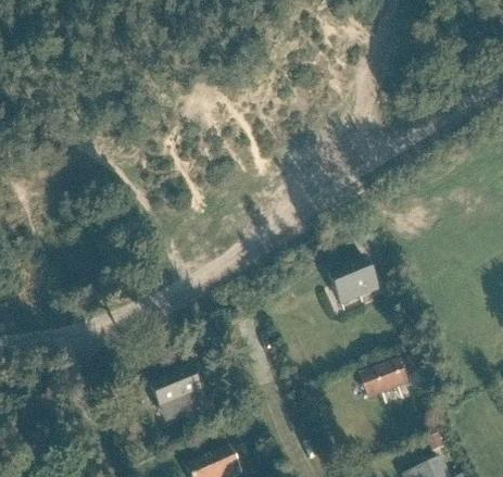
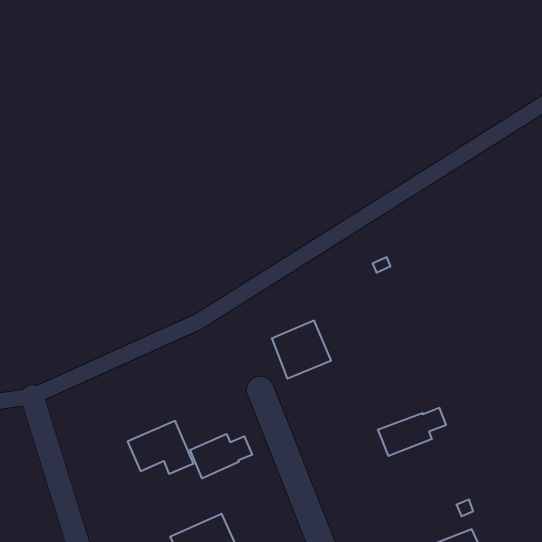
building: [328,258,378,306] -> [272,321,331,379]
building: none -> [190,434,252,478]

